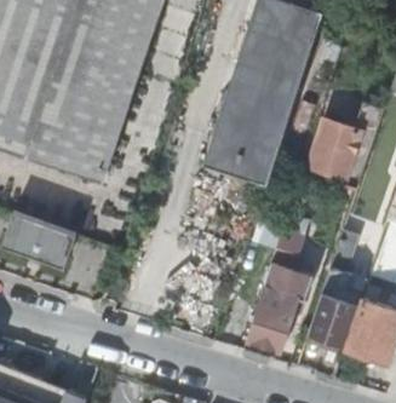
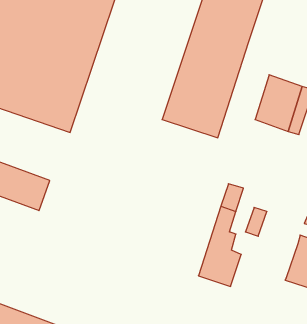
building: [305,243,357,346] -> none

